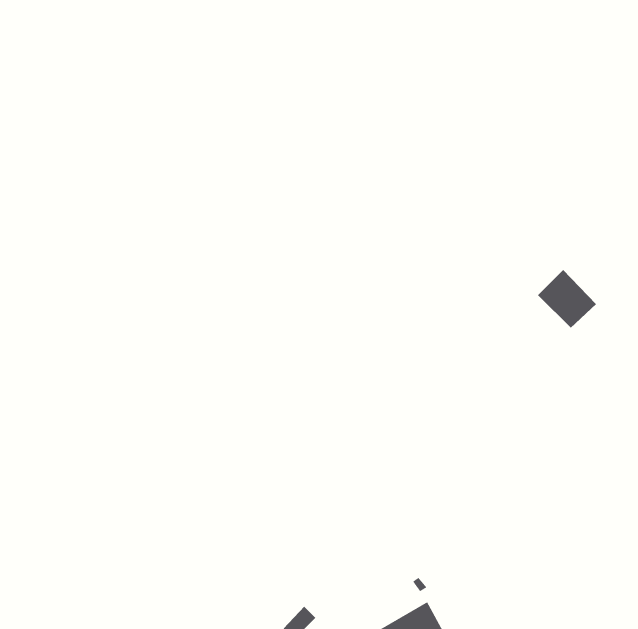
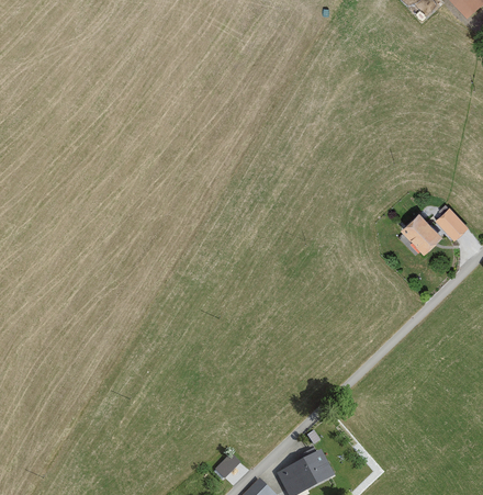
building: none -> [435,207,467,239]

